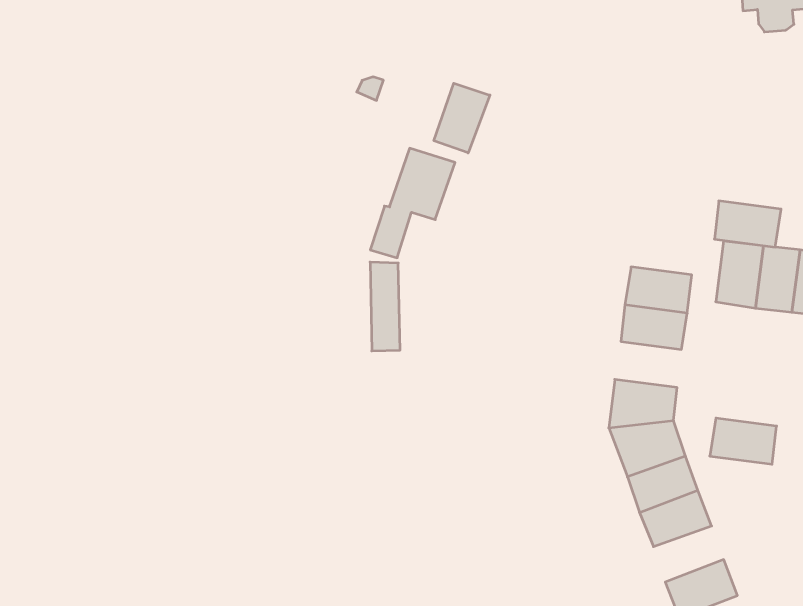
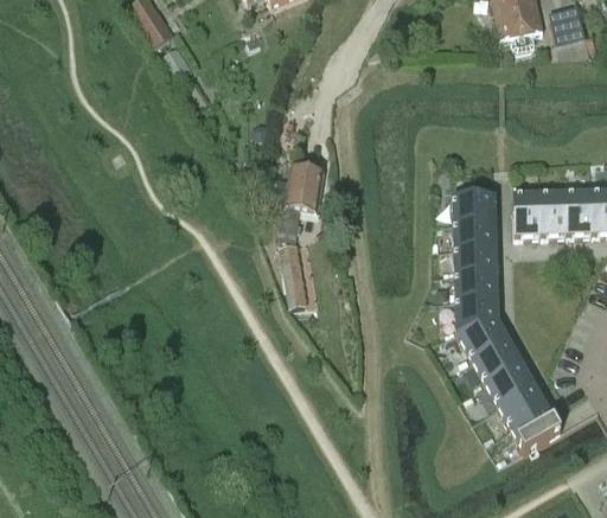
building: [434,83,490,153] -> none
building: [714,201,781,247] -> [453,192,496,219]
building: [710,418,777,464] -> [455,269,498,296]
building: none -> [499,384,548,427]

